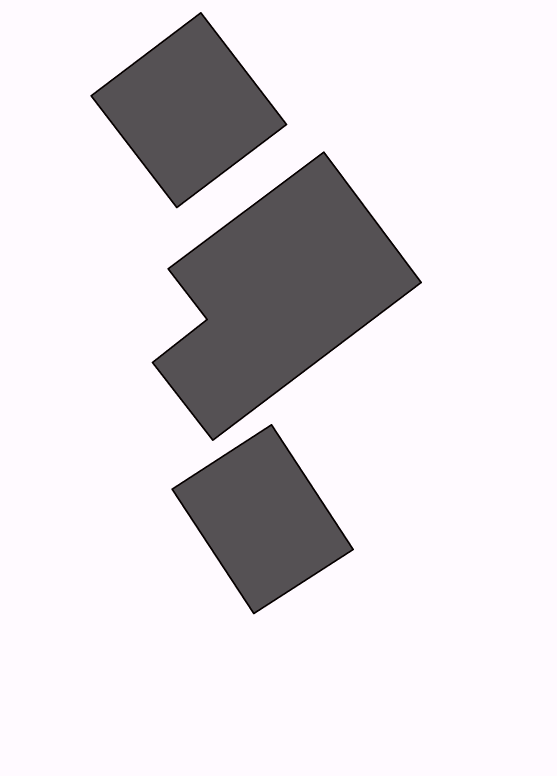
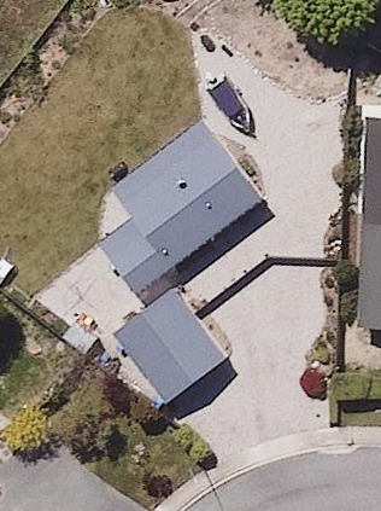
building: [91,13,286,208] -> none

